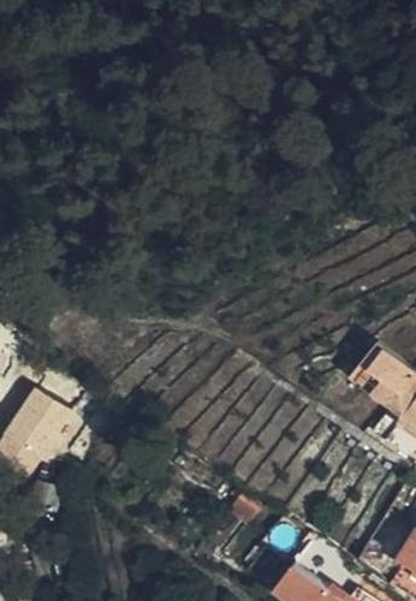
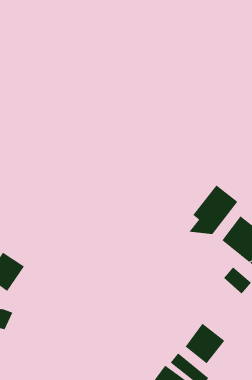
building: none -> [188,184,238,235]
building: none -> [185,323,225,364]

